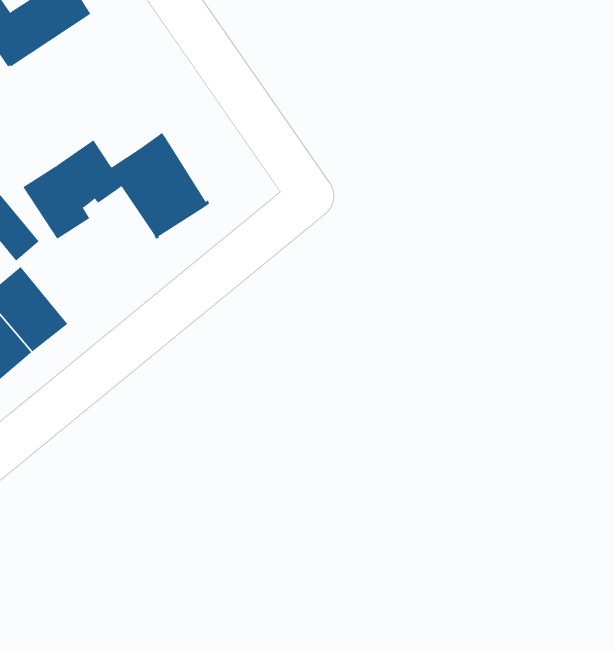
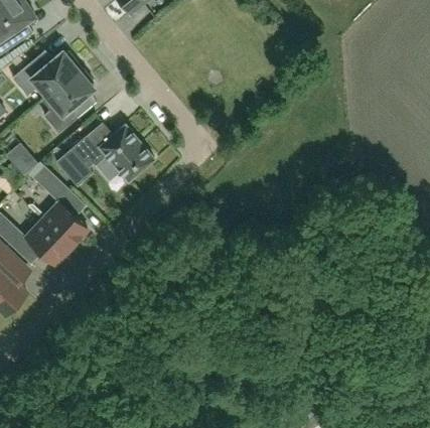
building: none -> [41,65,94,131]

